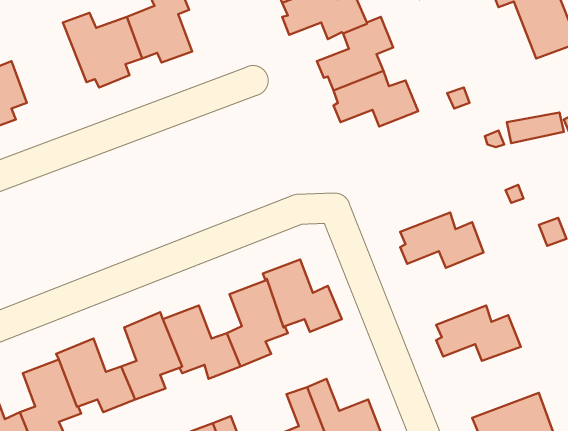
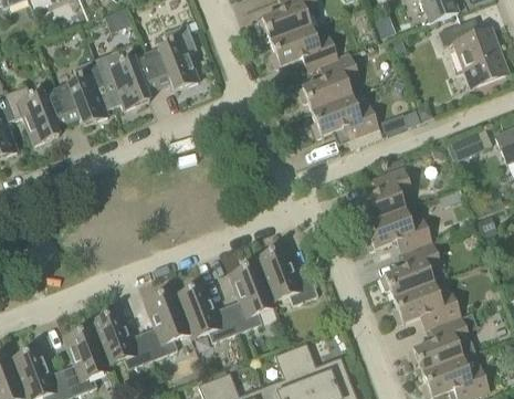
building: none -> [55,57,115,125]
building: none -> [352,167,412,224]
building: none -> [380,241,441,298]
building: none -> [409,316,475,372]

